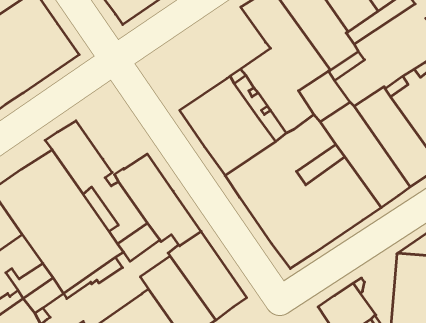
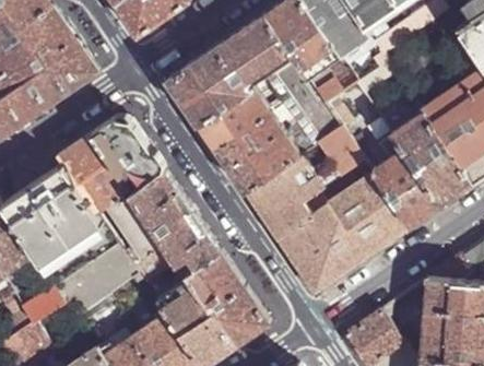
building: none -> [164,16,286,126]
building: none -> [86,119,162,188]

